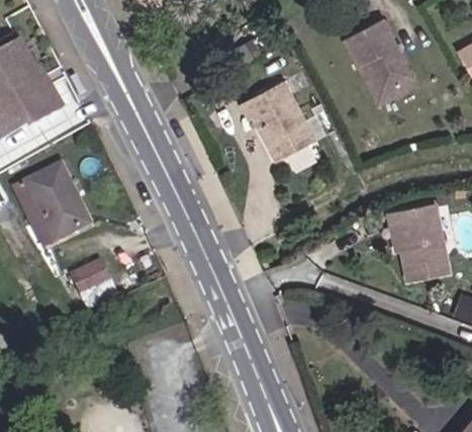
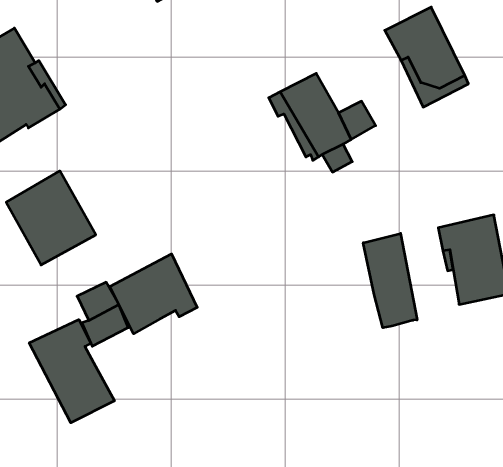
building: none -> [363,233,417,328]
building: none -> [110,254,197,334]
building: none -> [29,320,114,423]

